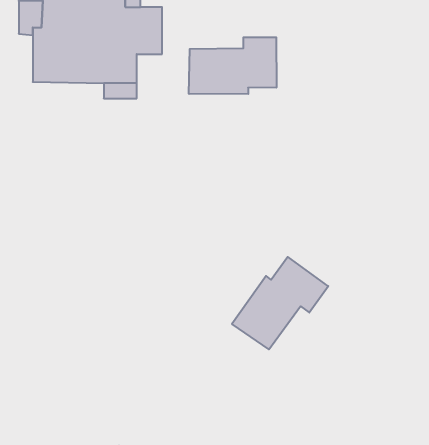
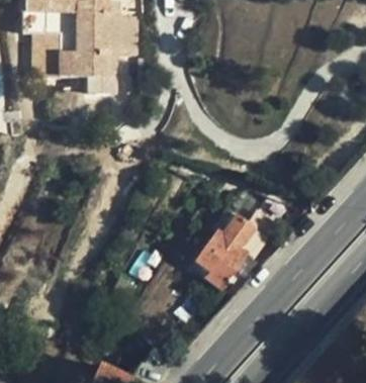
building: [189,37,276,94] -> none

